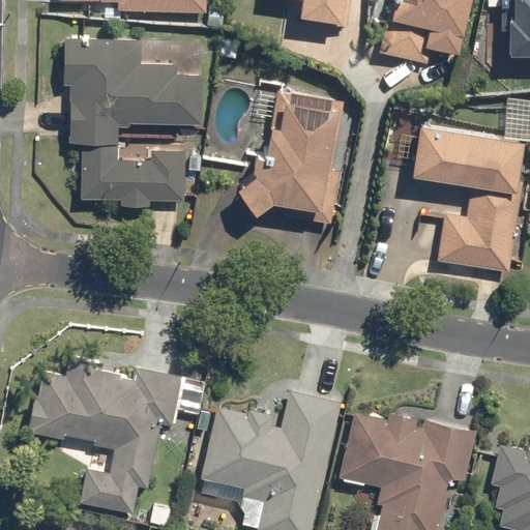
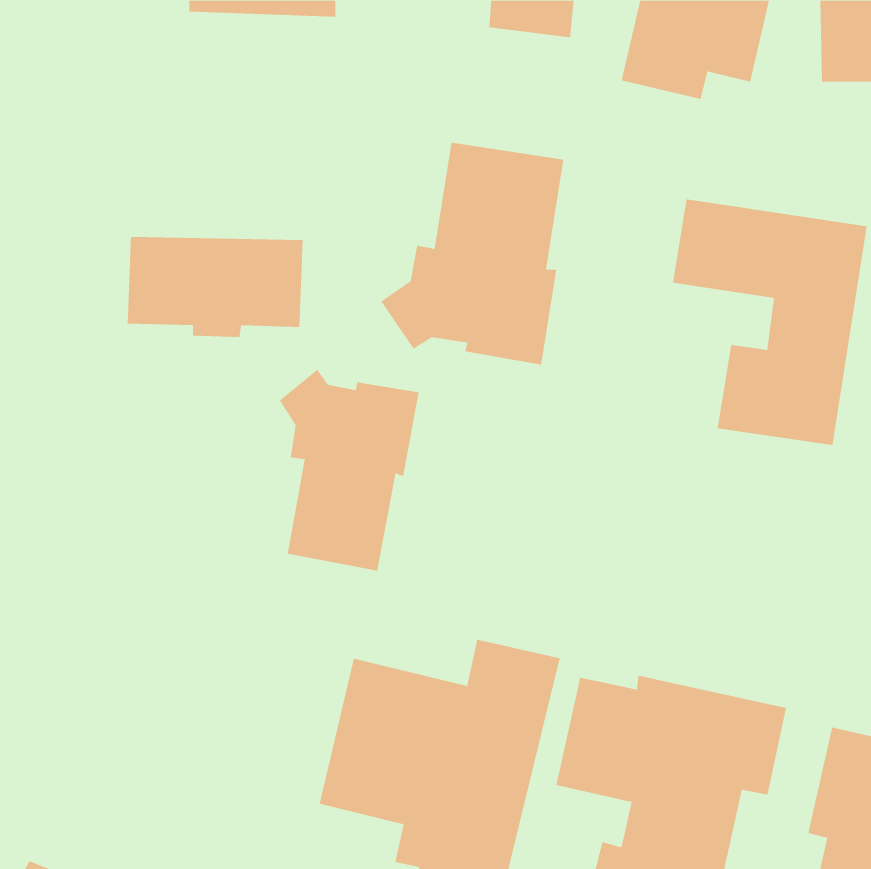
building: [63,37,204,144] -> none
building: none -> [279,369,419,571]
building: [25,356,184,514] -> none

